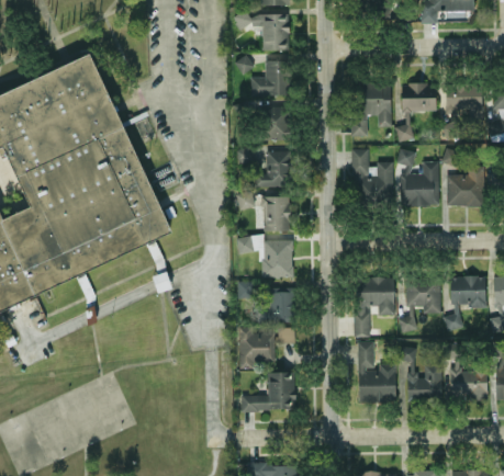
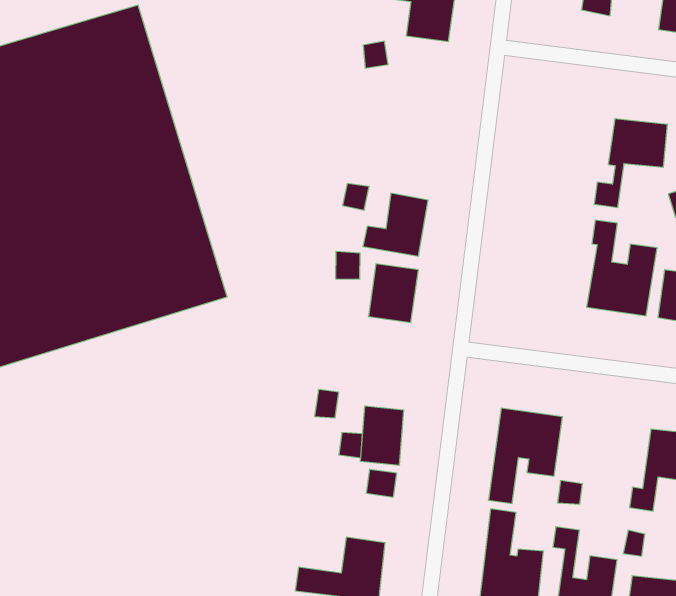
building: [249,61,288,97] -> none
building: [351,84,391,137] -> none
building: [264,107,289,140] -> none
building: [350,149,392,202] -> none
building: [237,237,292,279] -> none
building: [404,276,440,309] -> none
building: [237,328,275,369] -> none

